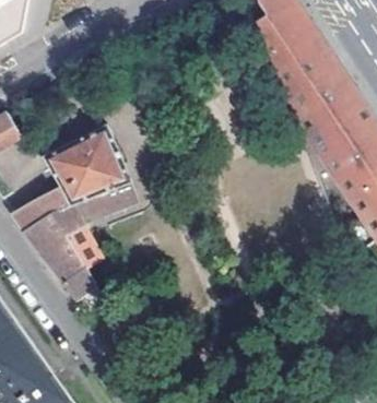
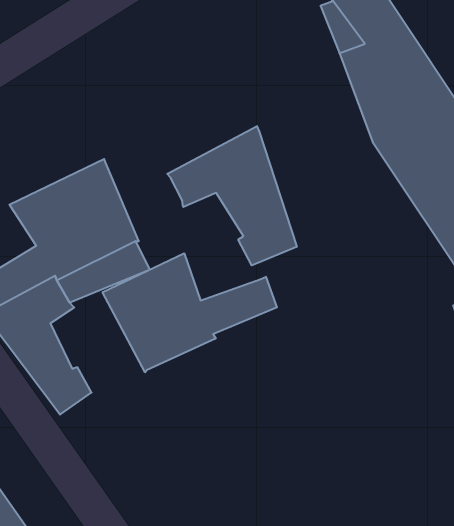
building: none -> [167,126,297,265]
building: none -> [103,253,277,372]

